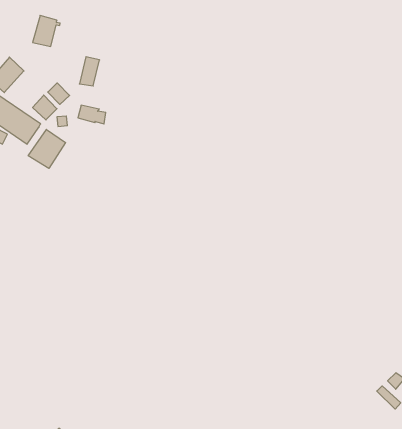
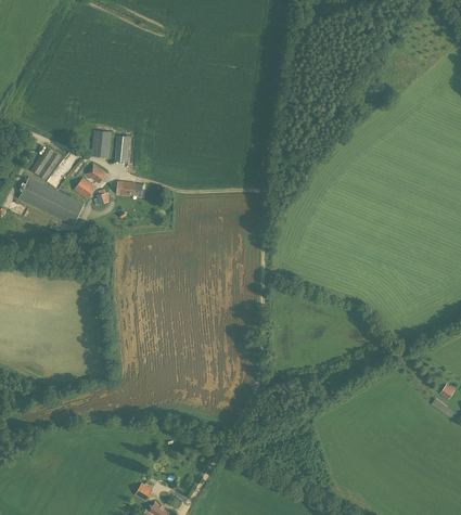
building: [33,15,60,46] -> [91,130,114,157]
building: [28,129,66,168] -> none

